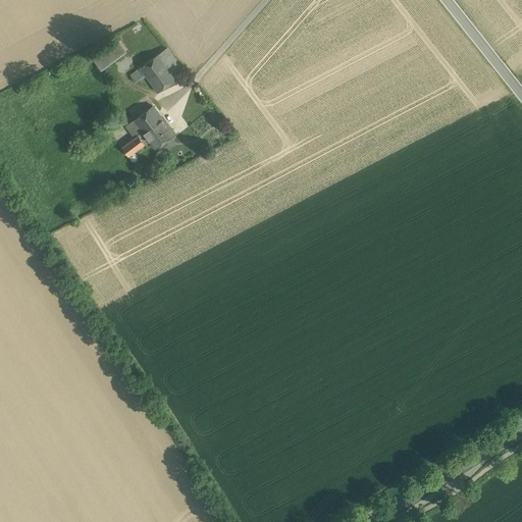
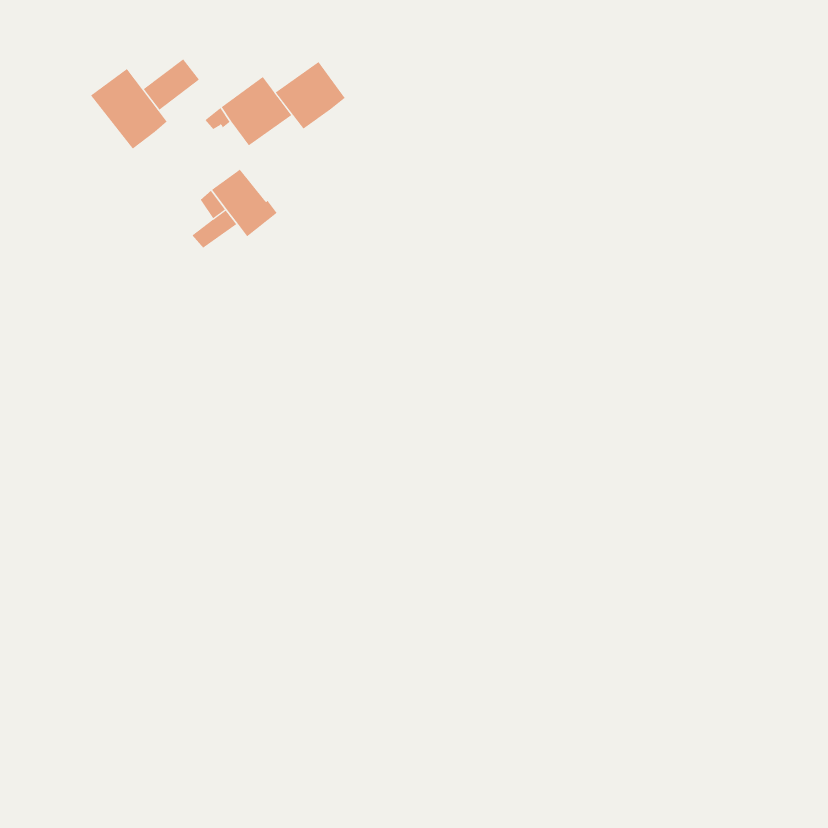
building: none -> [275,61,346,130]
building: none -> [90,68,168,149]

